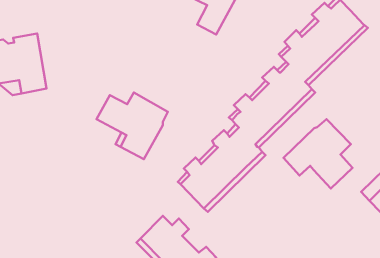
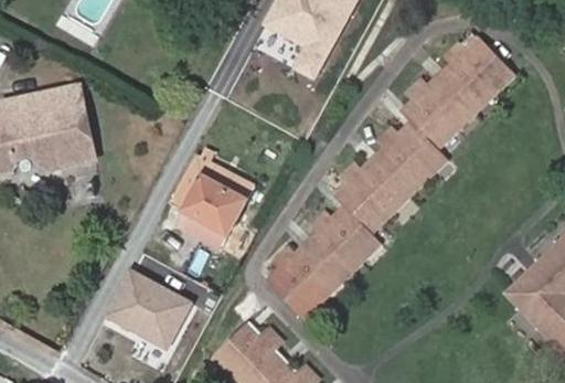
building: [283,119,352,189] -> none
building: none -> [105,268,191,348]

